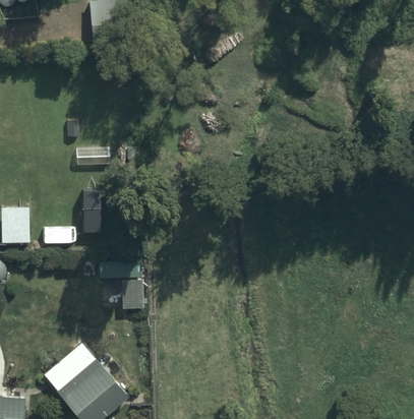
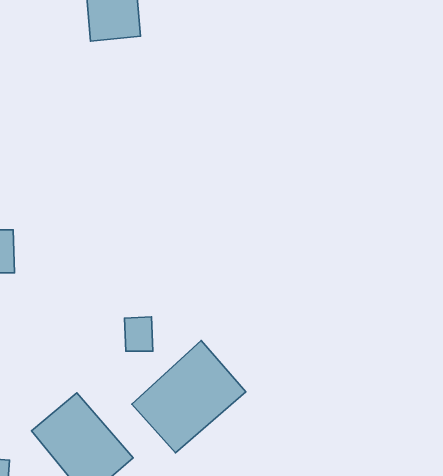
building: none -> [132,340,246,453]

